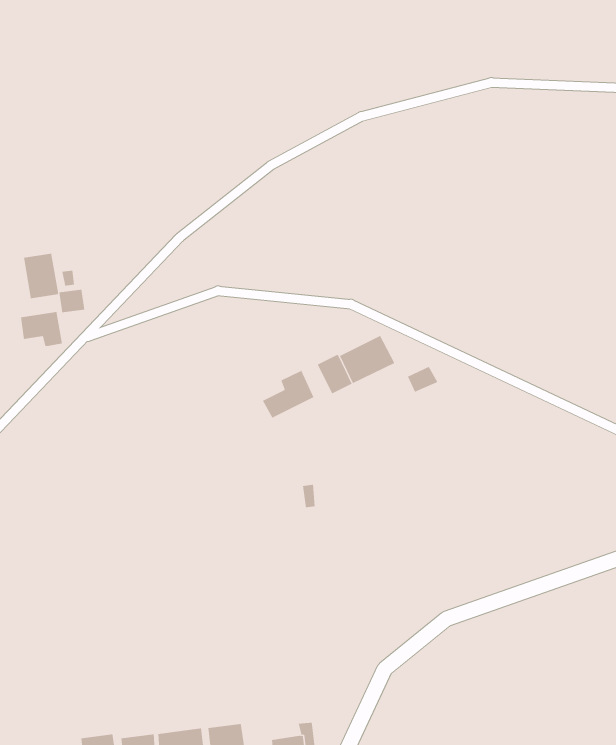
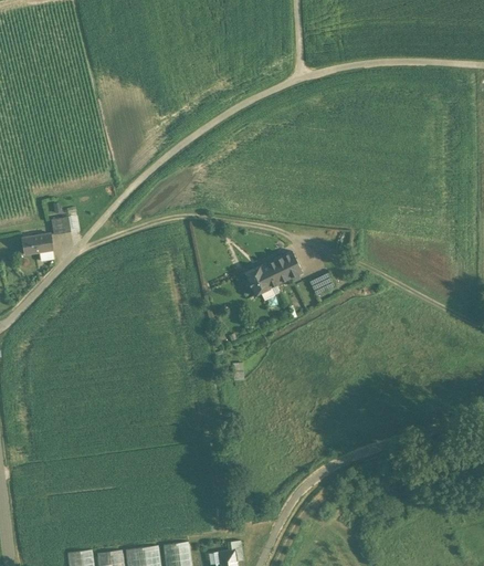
building: [24,253,59,299] -> none
building: [262,370,314,418] -> none

